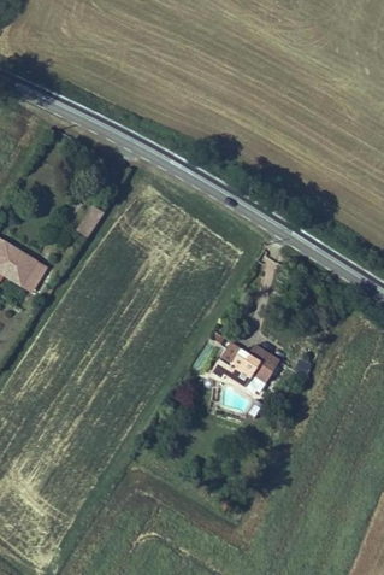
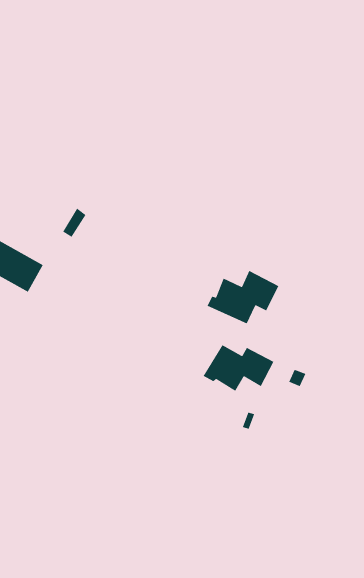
building: none -> [207,270,280,325]

